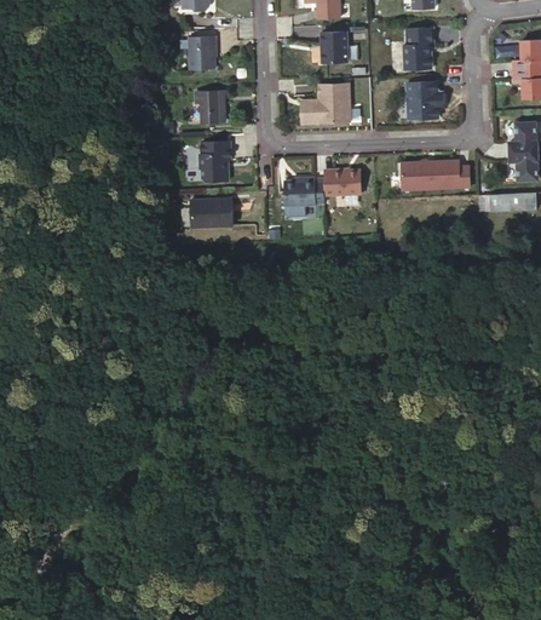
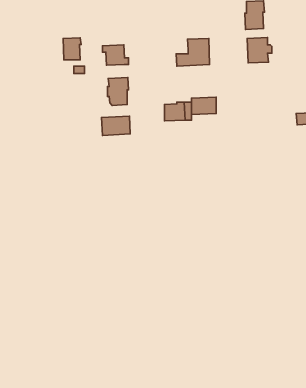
building: [321,33,347,63] -> none
building: [189,38,215,70] -> [63,38,81,60]
building: [402,161,468,190] -> none

